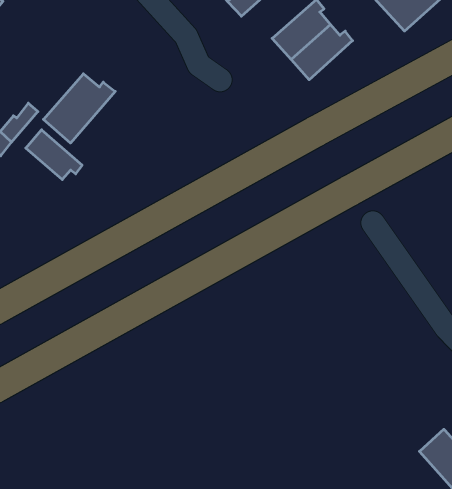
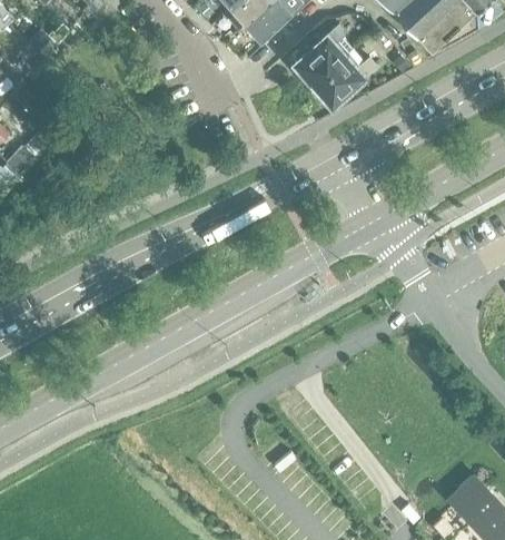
building: [43,74,115,143] -> none
building: [26,130,82,180] -> none

